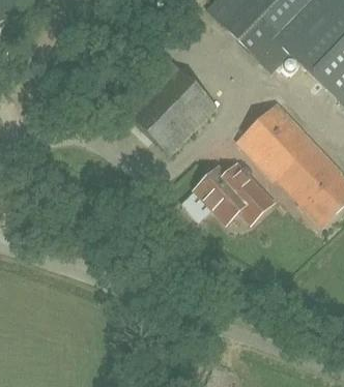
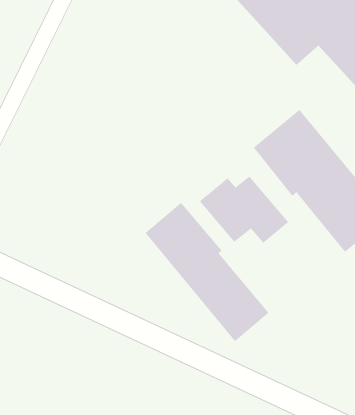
building: [116,53,218,155] -> none
building: none -> [144,202,270,342]

